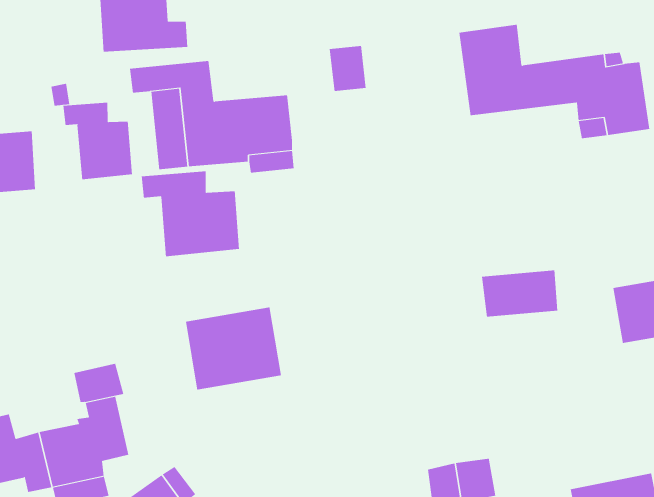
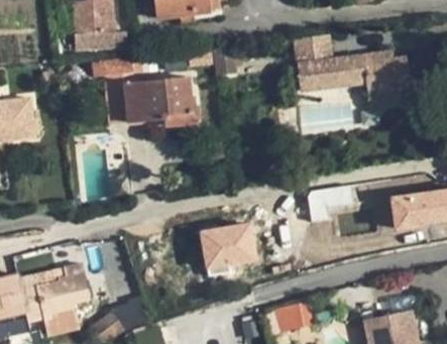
building: [63,102,133,180] -> none
building: [141,171,240,257] -> none
building: [185,307,282,390] -> [199,221,258,272]

